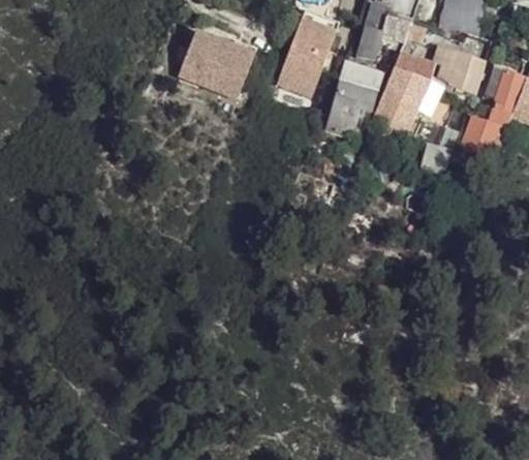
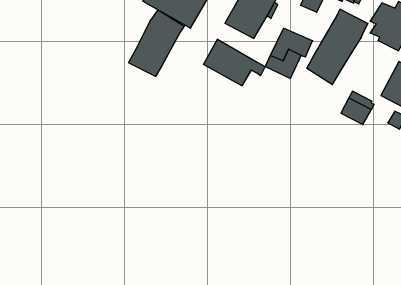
building: [340,59,381,92] -> none
building: none -> [129,10,184,76]
building: none -> [204,39,265,86]

